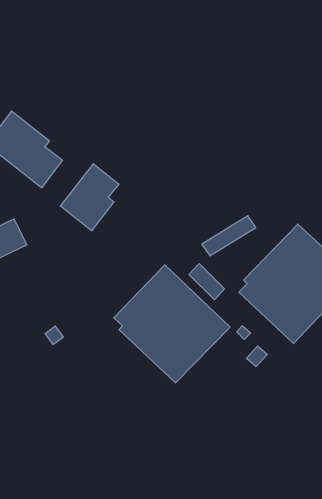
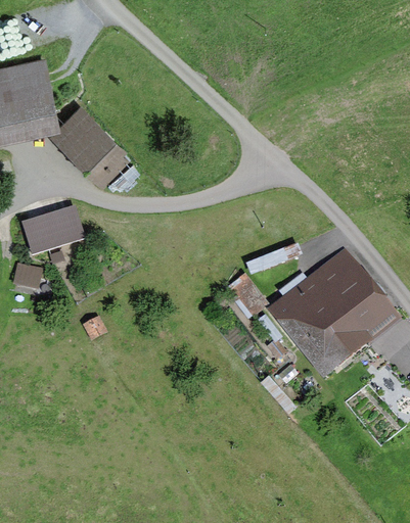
building: [60,164,119,231] -> none
building: [114,265,230,383] -> none

